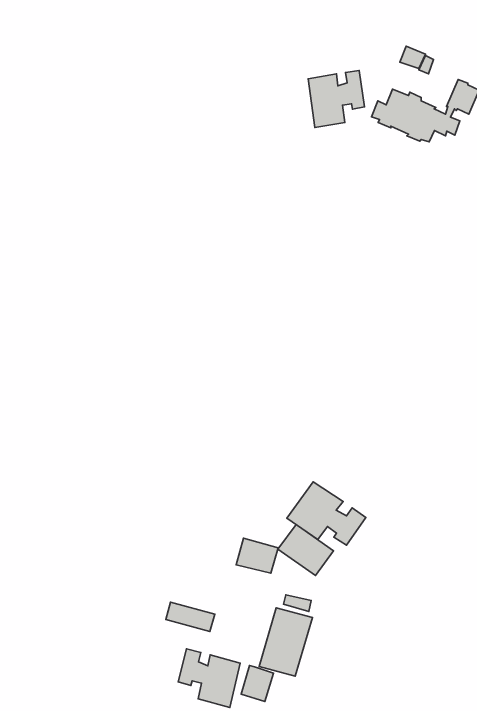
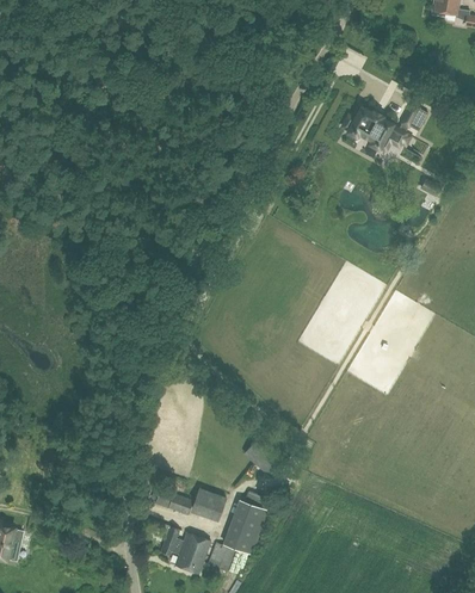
building: [308,70,364,127] -> none
building: [287,482,366,545] -> none
building: [236,538,278,573] -> [191,488,224,517]

